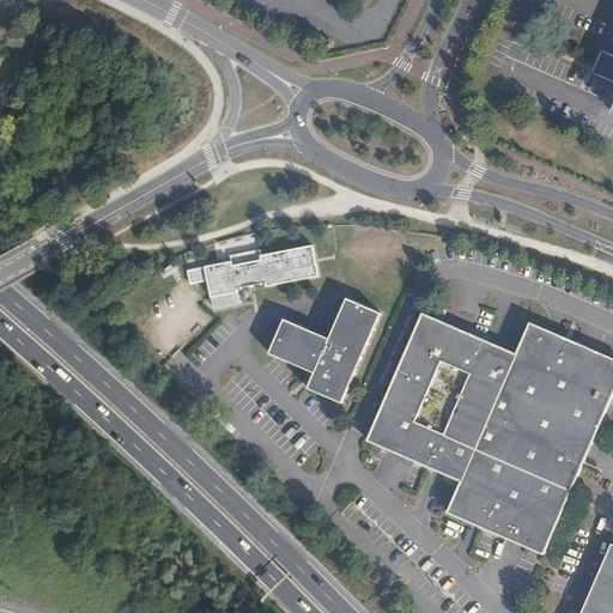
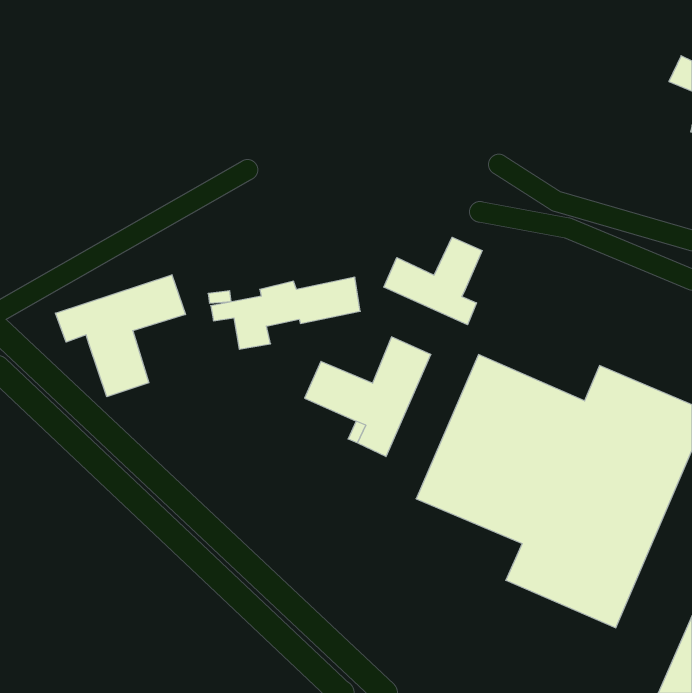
building: none -> [384,237,482,325]
building: none -> [55,275,185,397]

